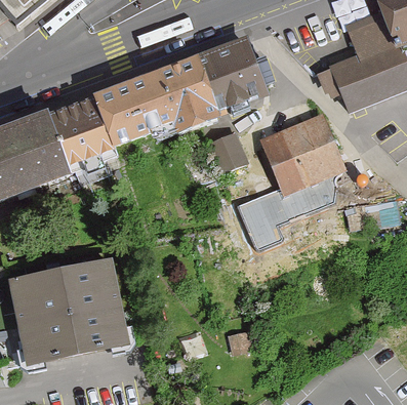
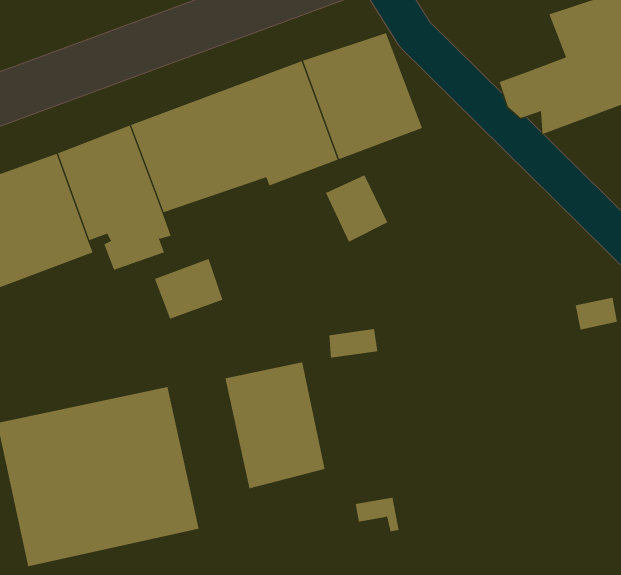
building: [238,111,343,242] -> none
building: none -> [154,258,223,320]
building: none -> [225,361,325,489]

